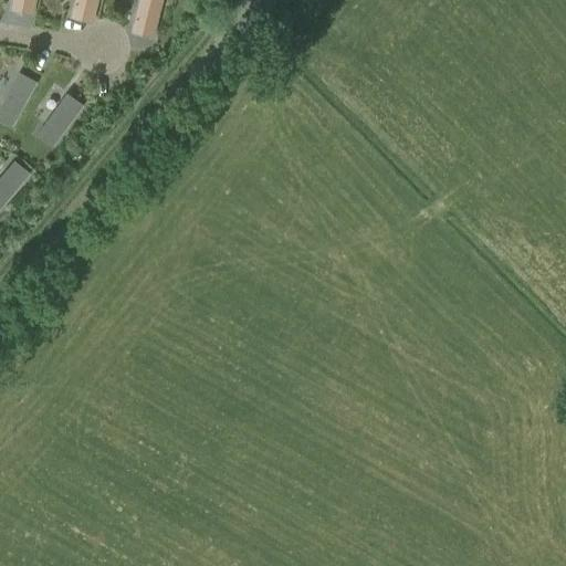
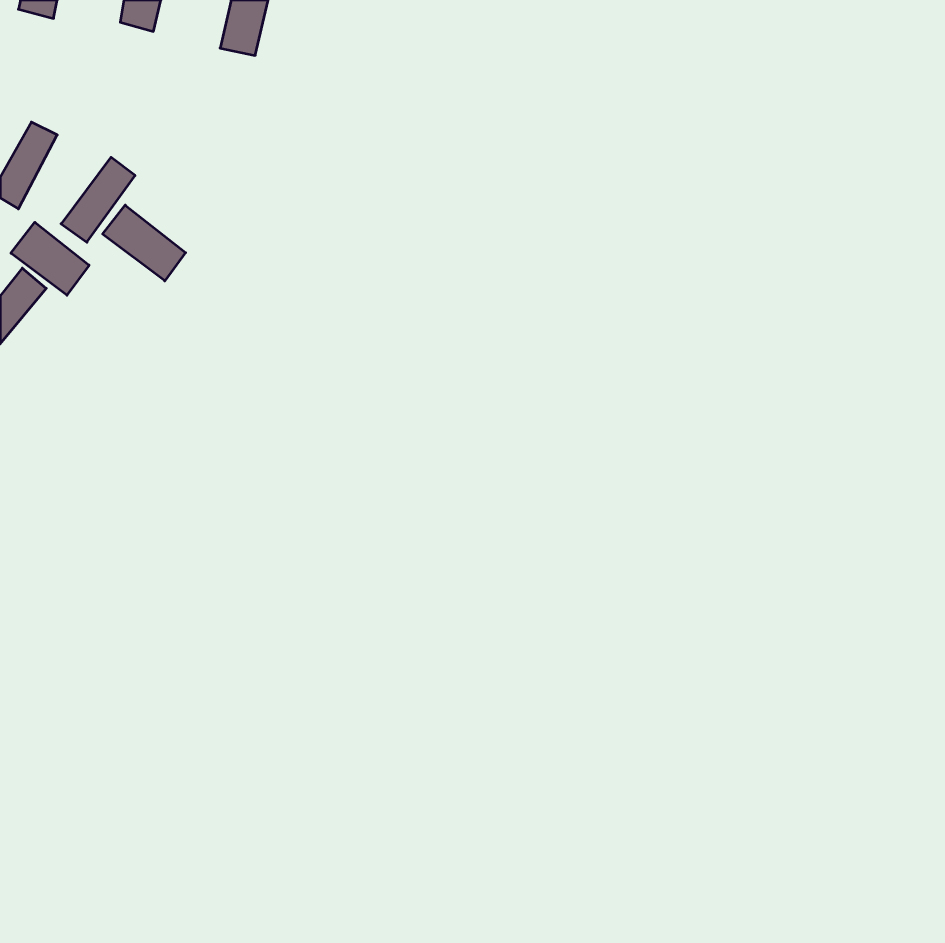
building: none -> [103,205,186,281]
building: none -> [11,222,89,295]

